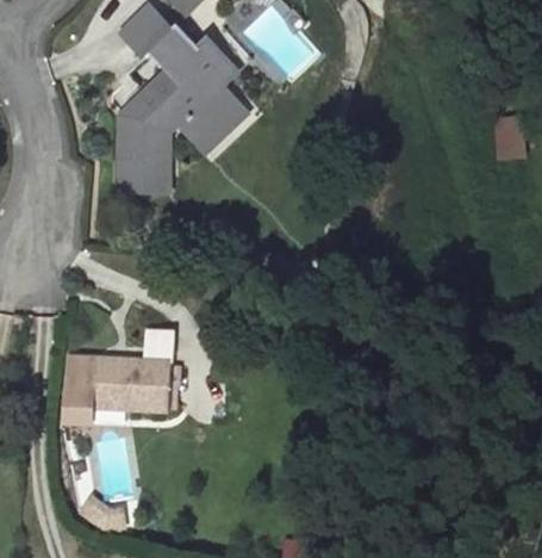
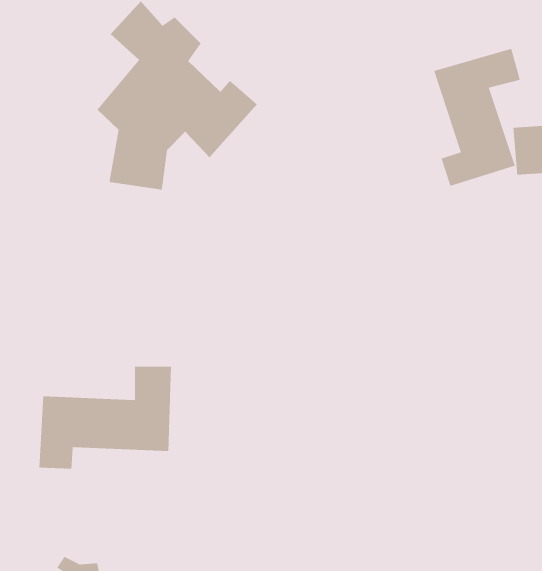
building: none -> [433,48,521,187]
building: [118,168,170,202] -> none

